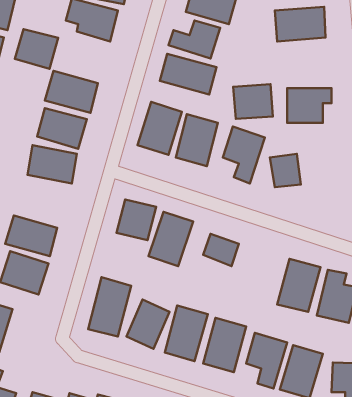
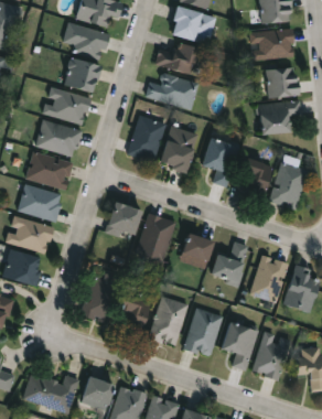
building: [15,29,58,69] -> [62,57,100,93]
building: [233,84,273,119] -> [264,67,299,98]
building: none -> [268,162,307,210]
building: none -> [18,184,62,222]
building: none -> [212,241,248,284]

